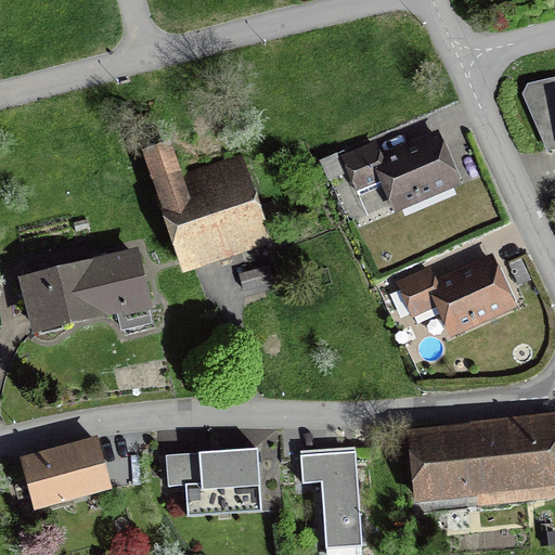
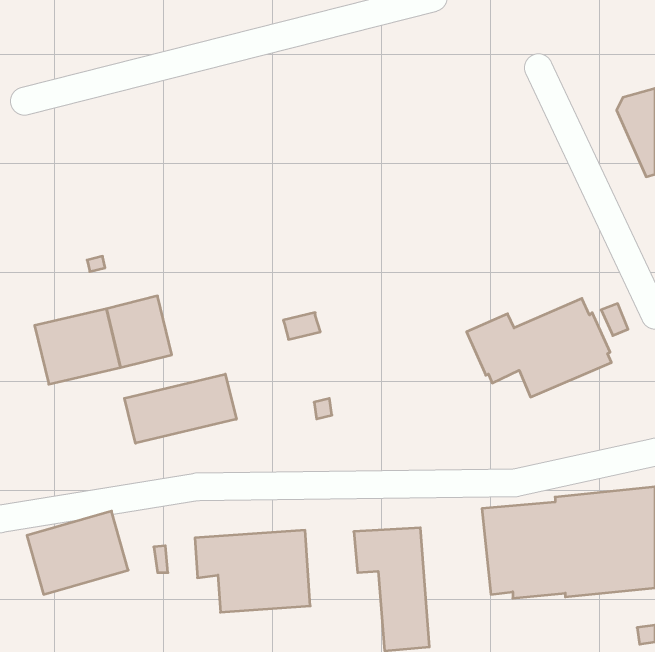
building: [318,128,462,216] -> none
building: [145,143,261,257] -> none
building: none -> [124,374,236,443]

